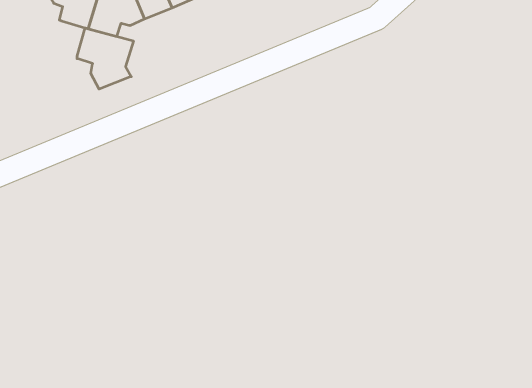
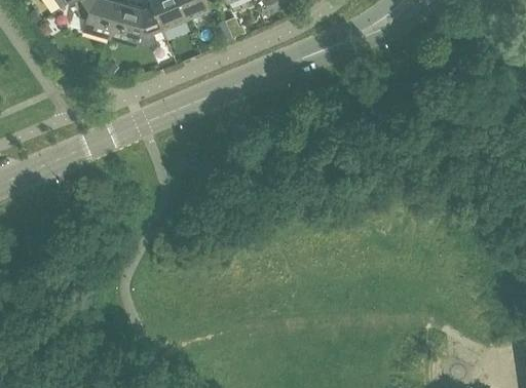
building: [77,28,133,89] -> none

